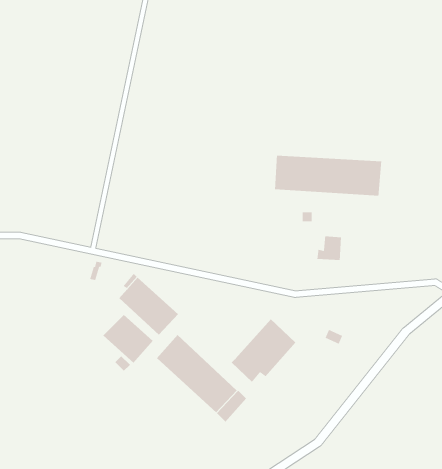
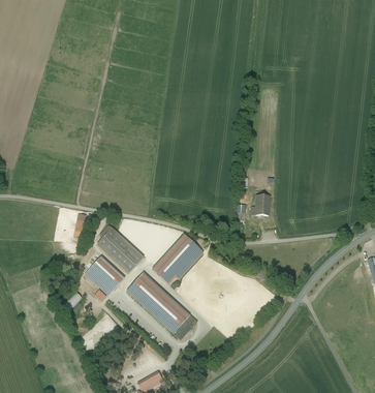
building: [274,155,382,197] -> none
building: [231,319,296,383] -> [152,234,202,283]

